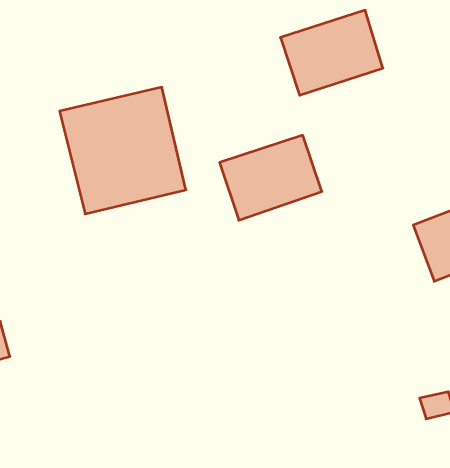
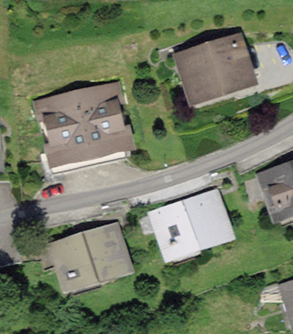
building: [220,135,322,220] -> [157,194,221,247]
building: none -> [56,227,120,279]

